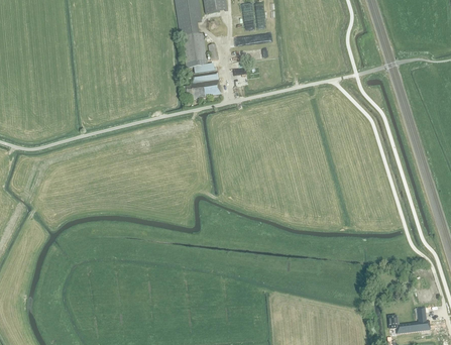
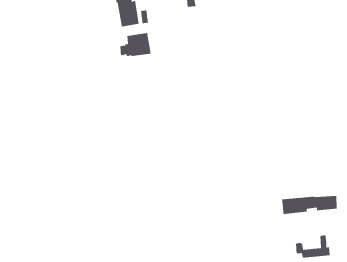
building: none -> [281,195,337,215]

